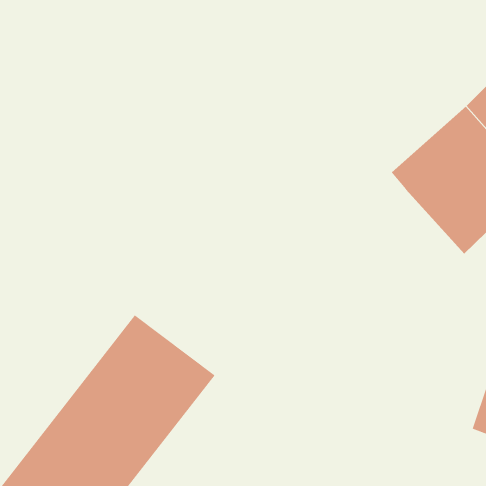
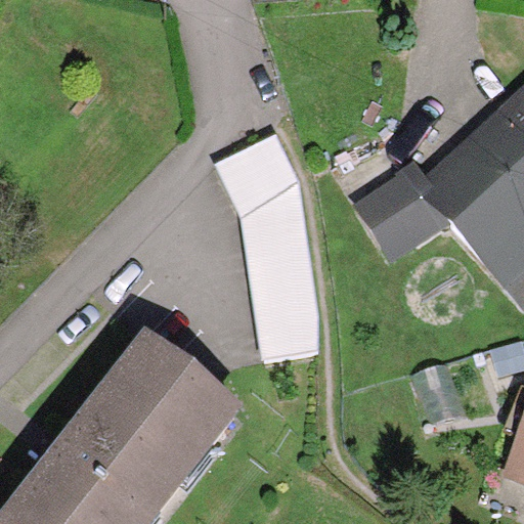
building: none -> [214,134,314,348]
building: none -> [354,165,436,246]

